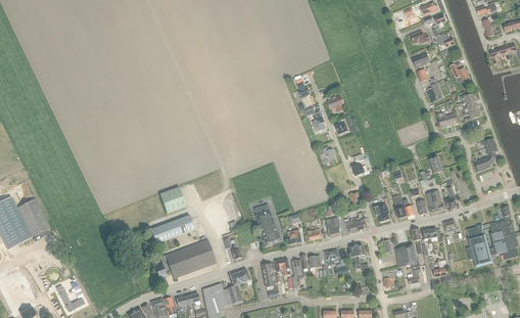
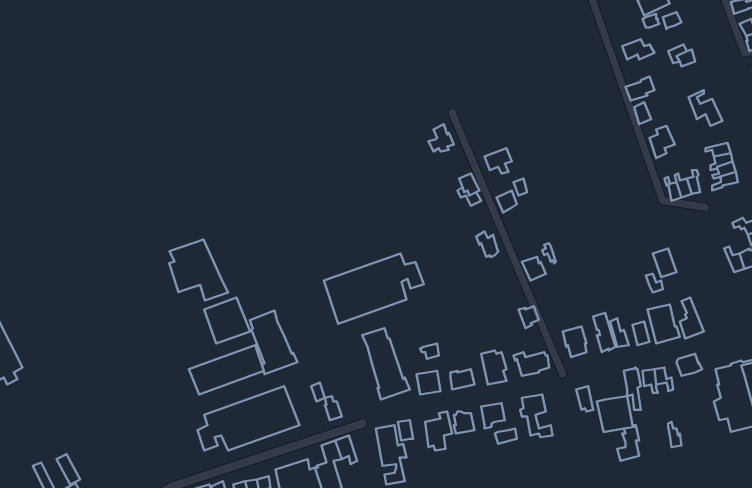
building: none -> [169,240,228,301]
building: none -> [324,253,424,324]
building: none -> [250,310,298,374]

